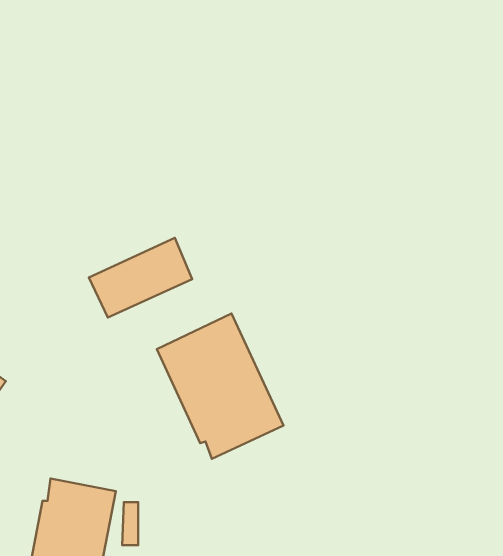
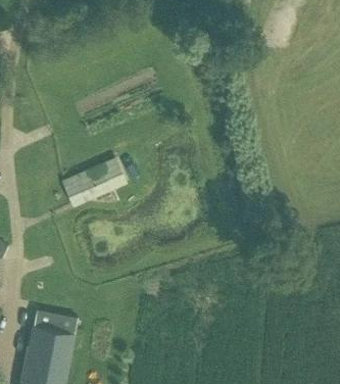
building: [157,314,283,459] -> none

